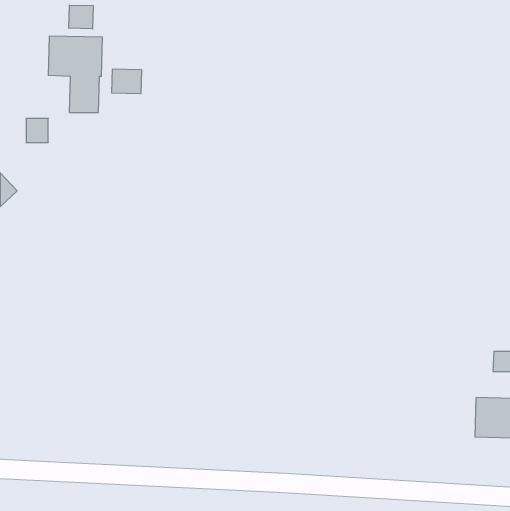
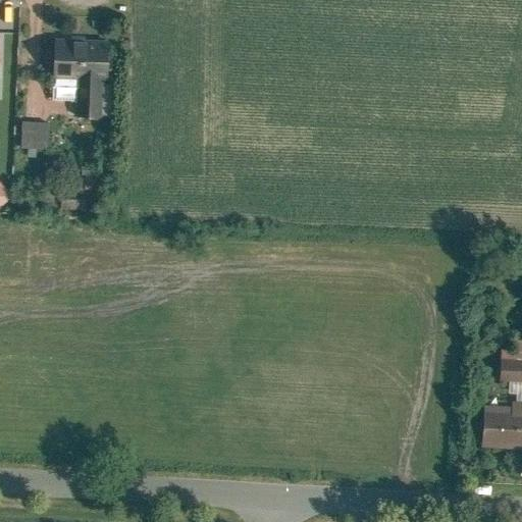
building: [69,5,93,29] -> none
building: [112,69,141,94] -> none

